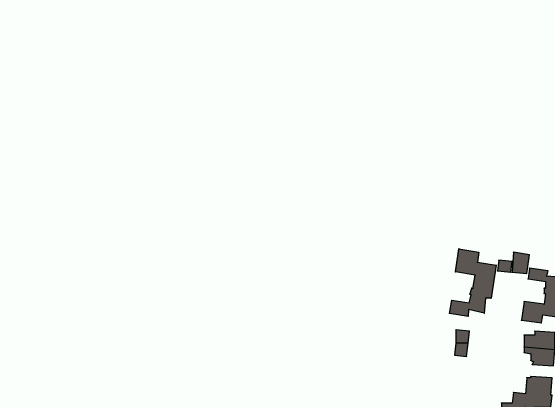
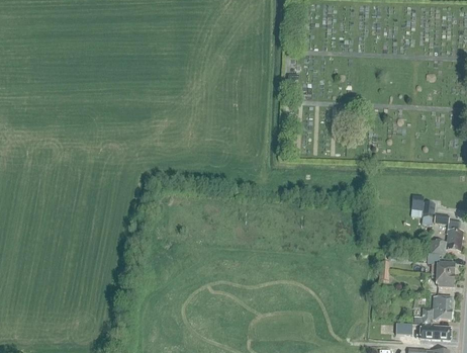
building: [449,249,496,316] -> none

